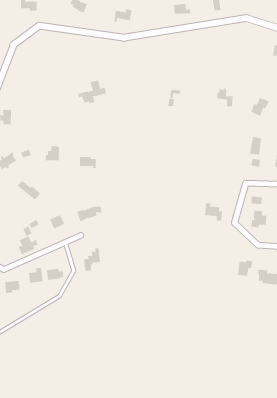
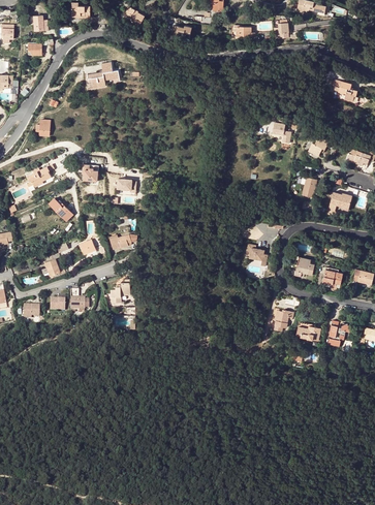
building: [77,80,107,104] -> [87,63,119,88]

